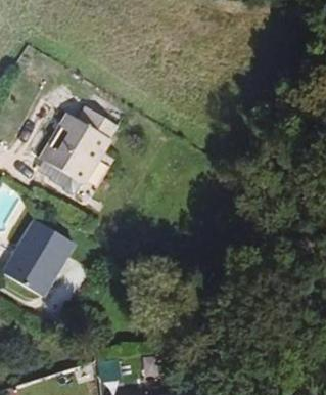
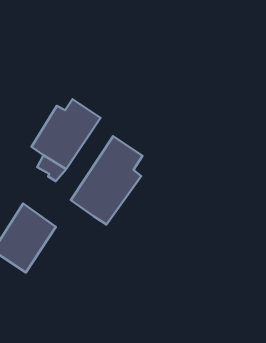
building: none -> [71,136,143,225]

